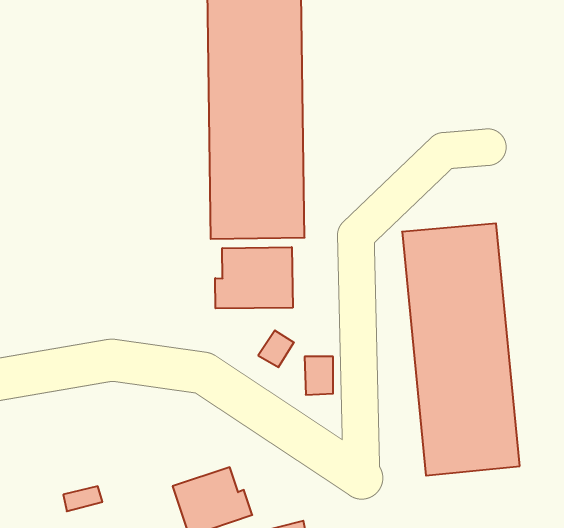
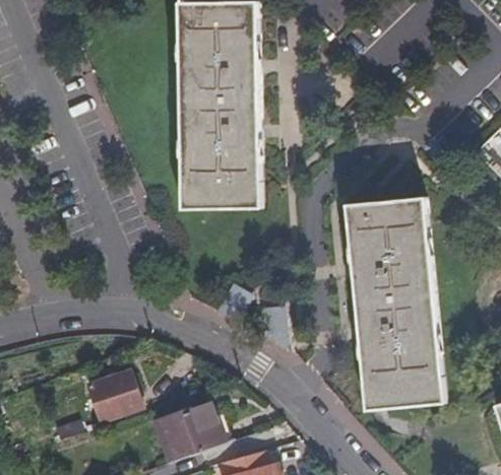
building: [215,247,293,308] -> none
building: none -> [88,371,140,423]

